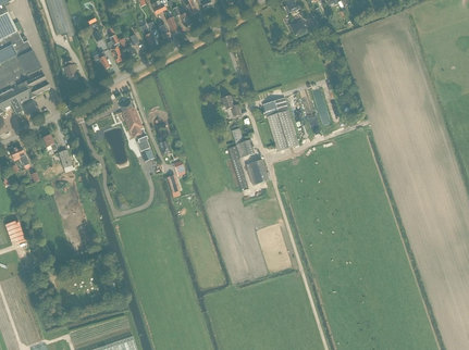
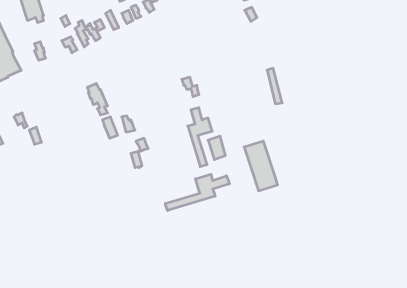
building: [262,97,298,150] -> [244,141,278,191]
building: none -> [165,174,229,211]

